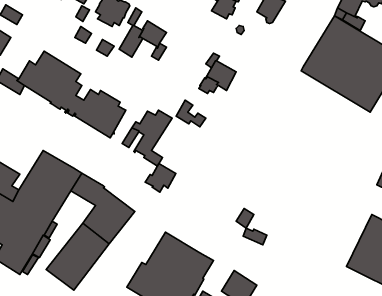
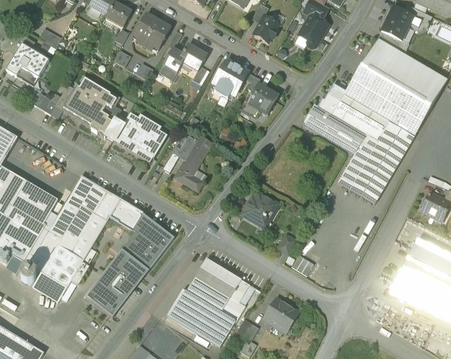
building: none -> [213,59,248,98]
building: none -> [303,82,414,204]
building: [145,164,176,192] -> [244,194,275,223]

